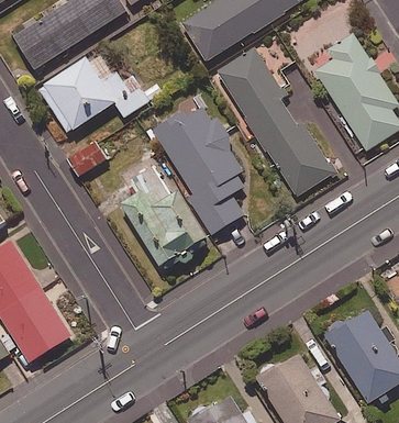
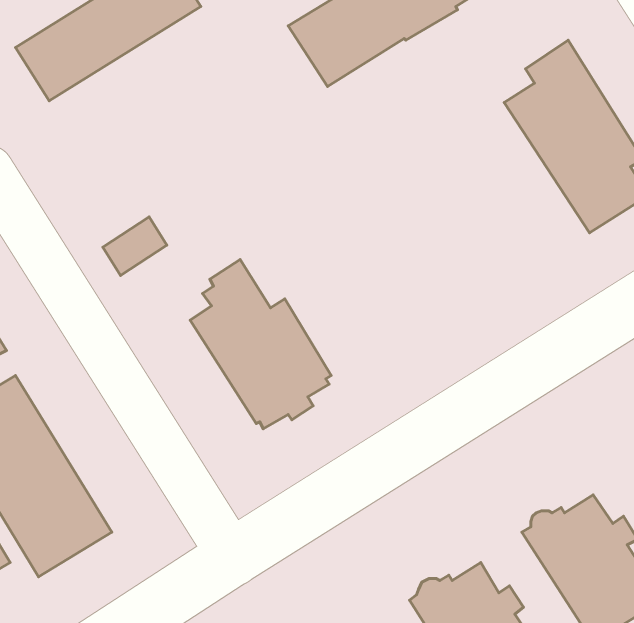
building: [214,45,336,196] -> none
building: [38,52,160,133] -> none
building: [151,105,244,235] -> none

